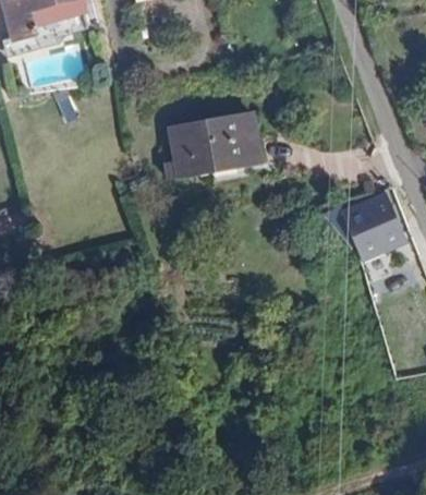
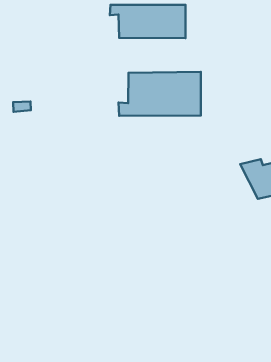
building: none -> [110,5,185,38]

